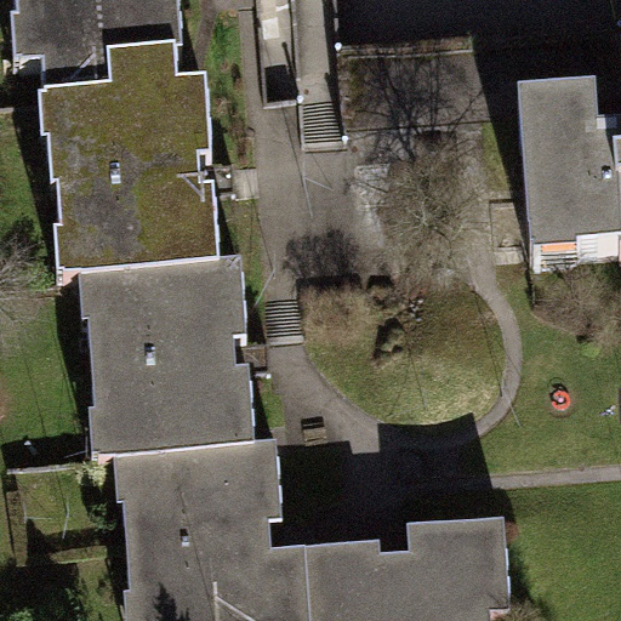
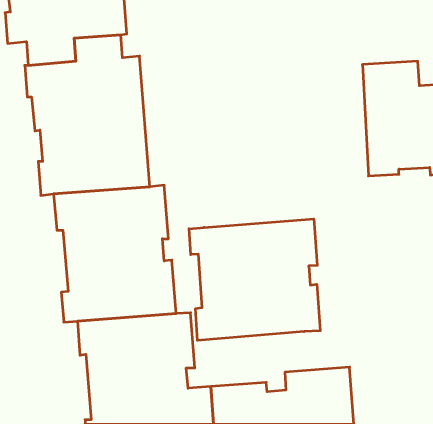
building: none -> [189,219,320,340]

